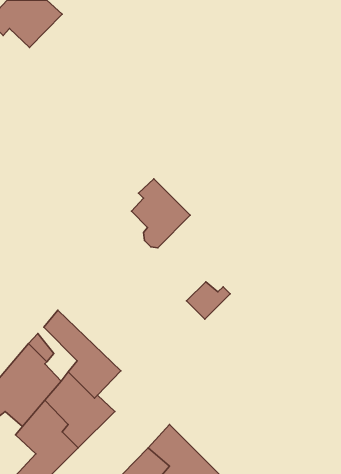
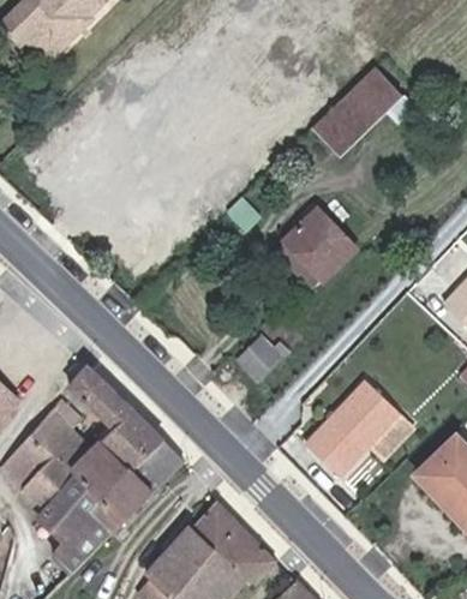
building: none -> [315,68,400,154]
building: [131,179,190,248] -> [289,204,359,286]
building: none -> [298,383,396,480]
building: none -> [134,439,182,487]

